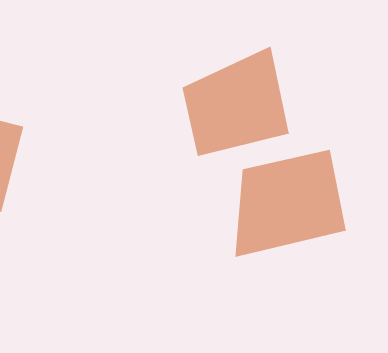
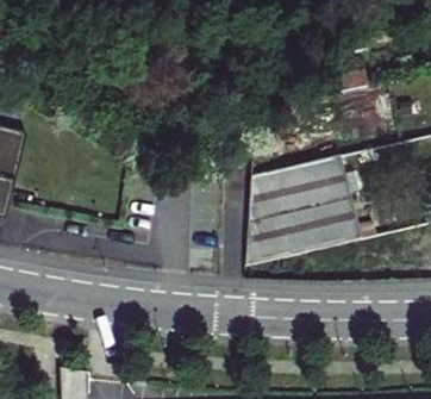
building: [182,45,290,157] -> none

